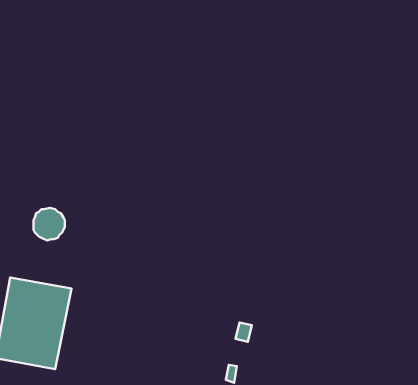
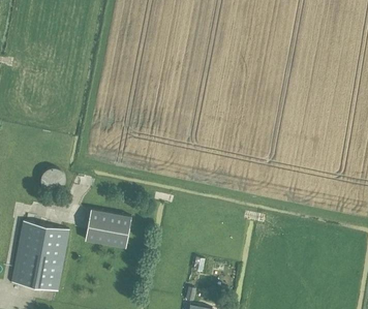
building: none -> [85,209,131,247]

